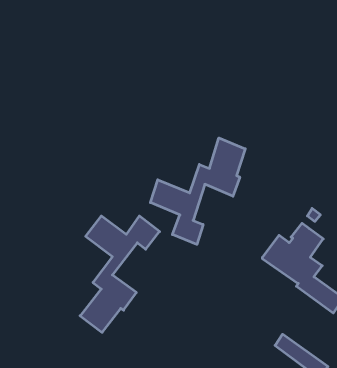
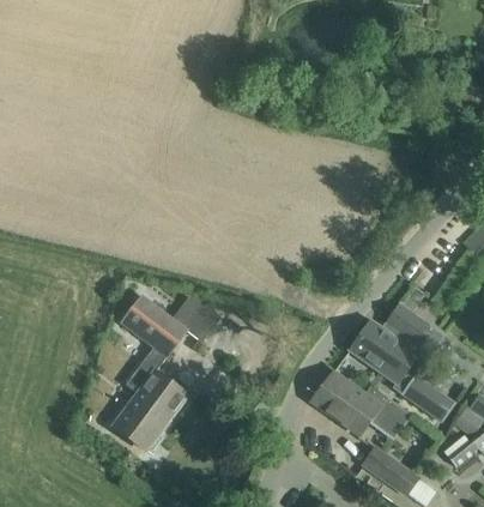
building: [150,138,245,244] -> none
building: none -> [310,362,399,437]

